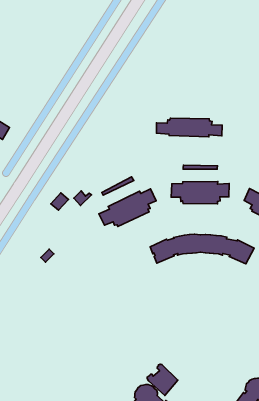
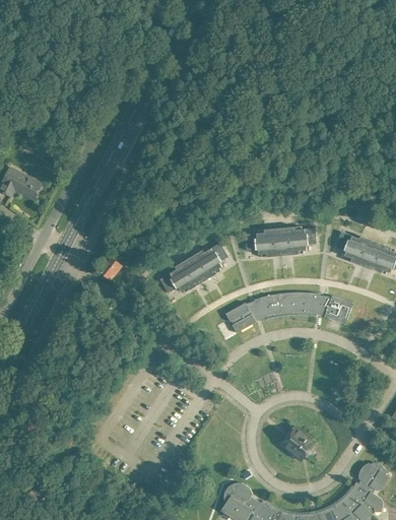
building: [157,118,222,137] -> none
building: [147,364,178,395] -> [277,425,315,462]

